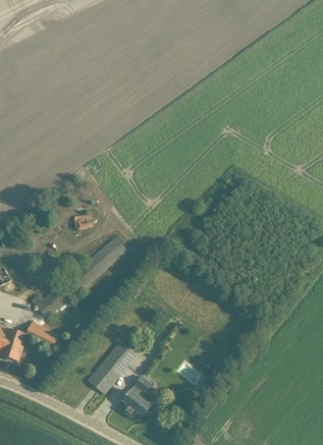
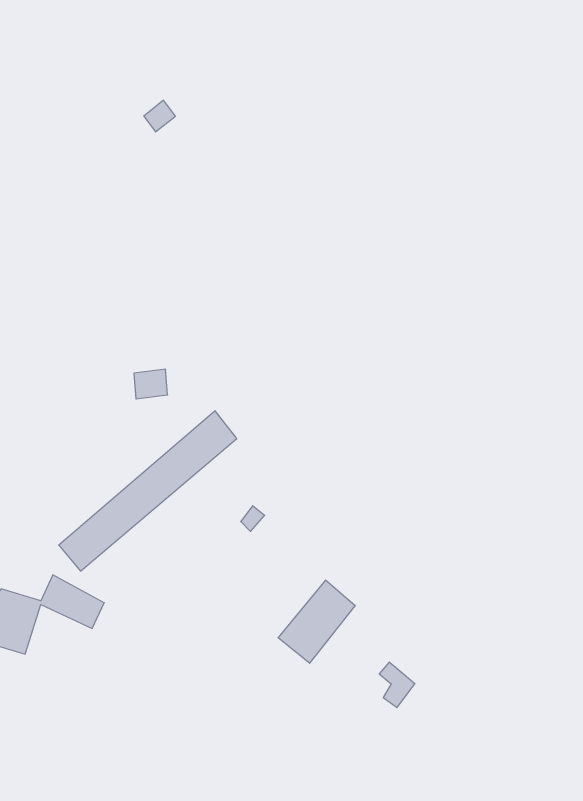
building: [89,350,128,393] -> [278,580,355,663]
building: [122,383,146,418] -> none

